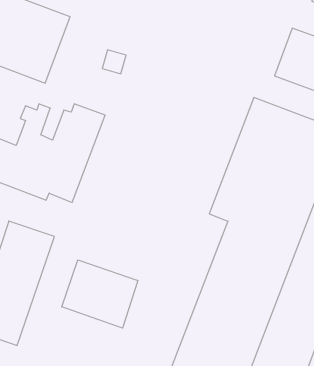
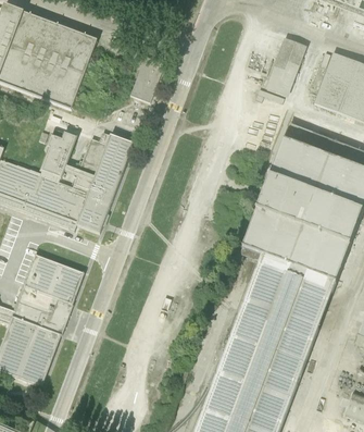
building: none -> [263,36,306,96]
building: [62,260,138,328] -> none

